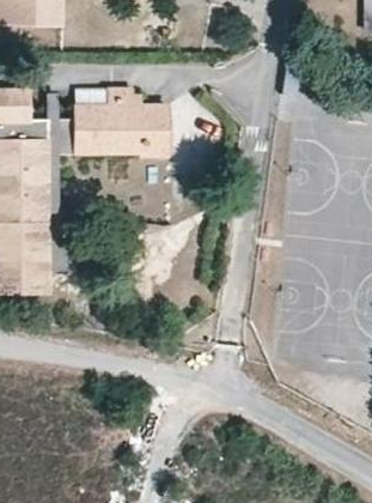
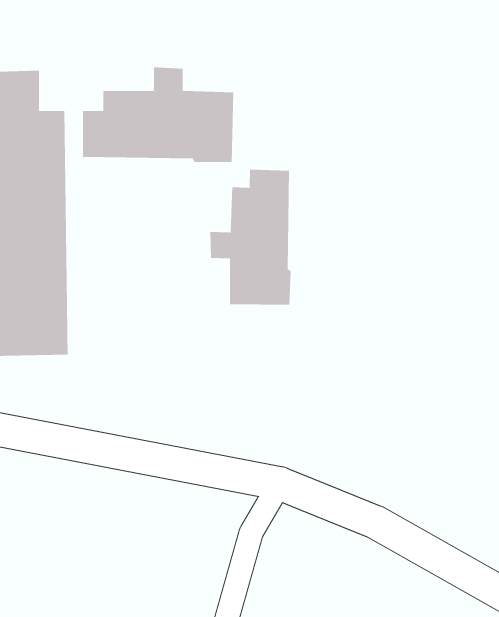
building: none -> [210,169,291,305]

